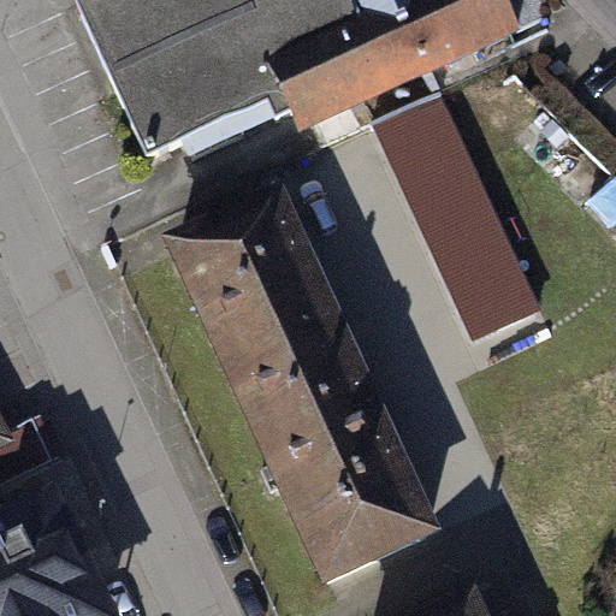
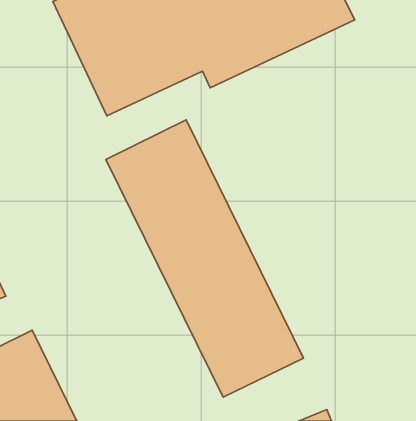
building: [373,96,543,348] -> none

